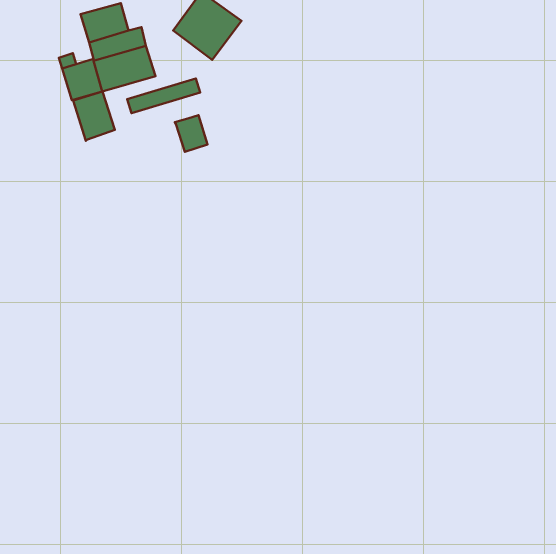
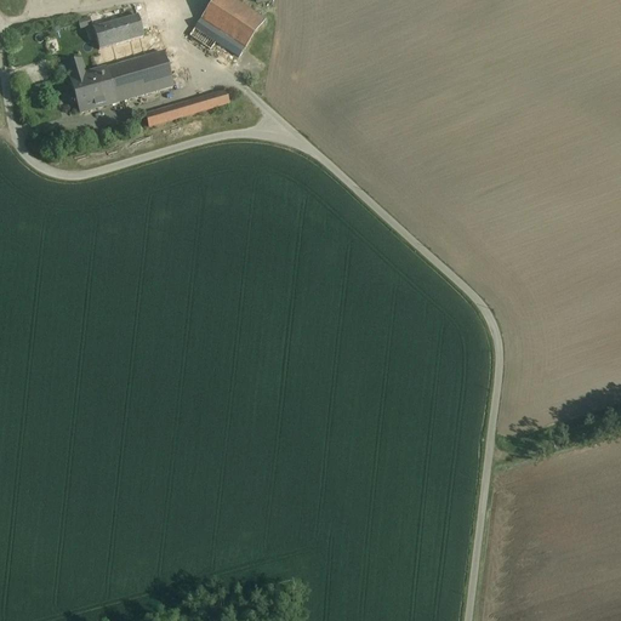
building: [73,91,115,141] -> none
building: [175,115,207,152] -> none

